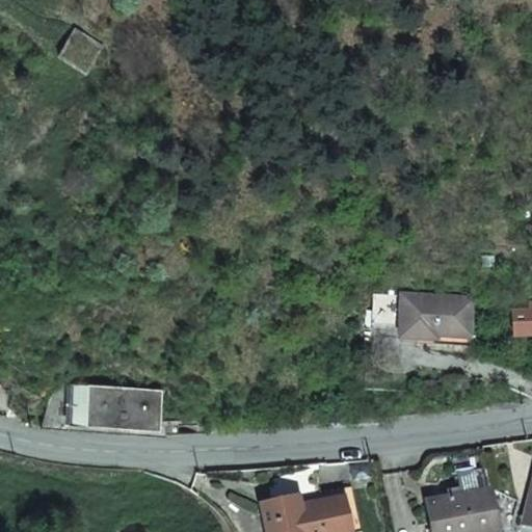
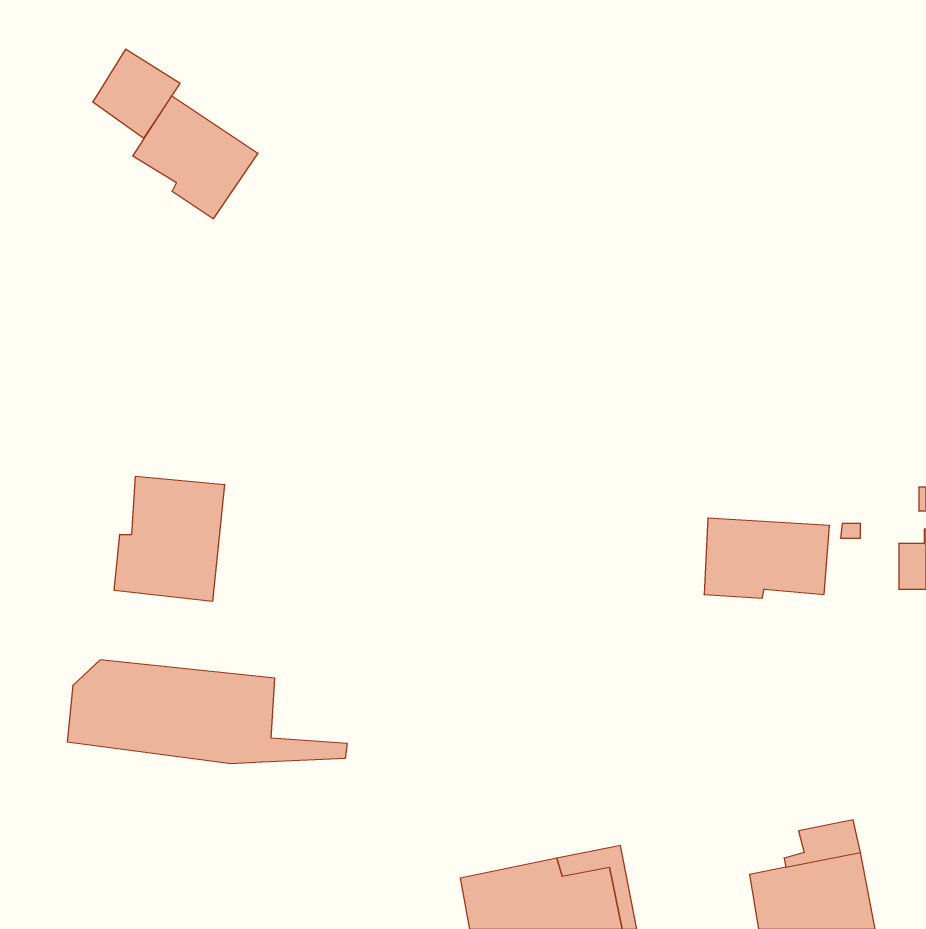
building: none -> [133,96,258,219]
building: none -> [114,476,225,601]

